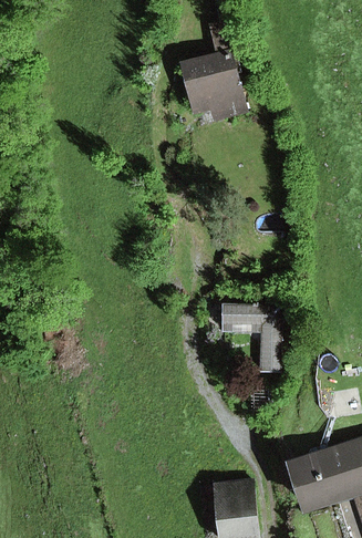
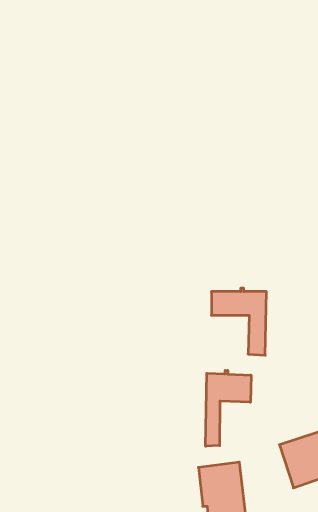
building: [183,17,249,115] -> none
building: none -> [206,370,251,446]

